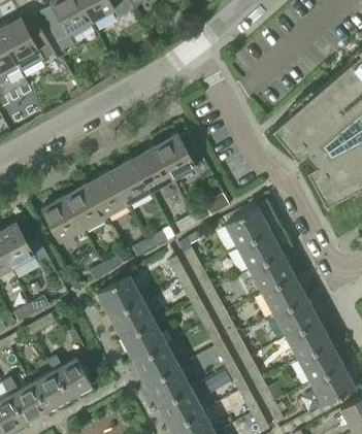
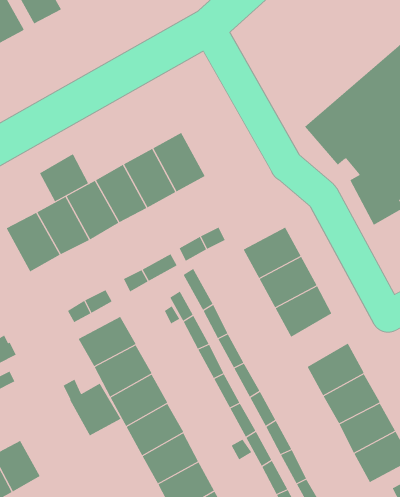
building: none -> [39,153,89,202]
building: [262,274,306,315] -> none
building: [47,356,93,400] -> [63,379,121,436]

